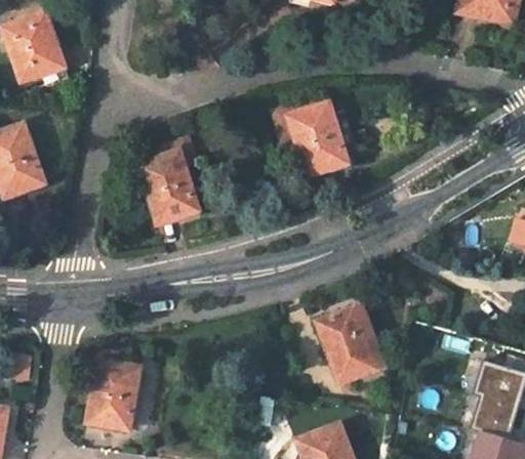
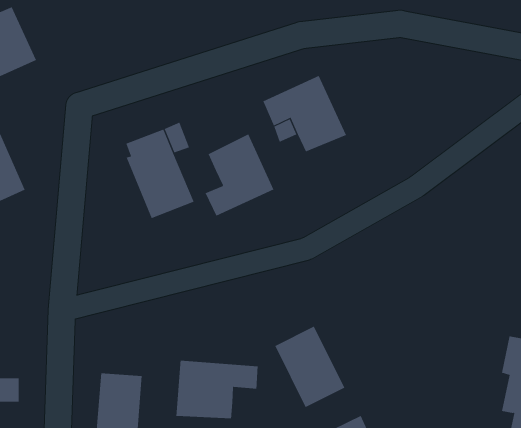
building: none -> [205,133,274,216]
building: [317,306,379,382] -> [274,326,345,408]
building: none -> [176,360,258,419]

